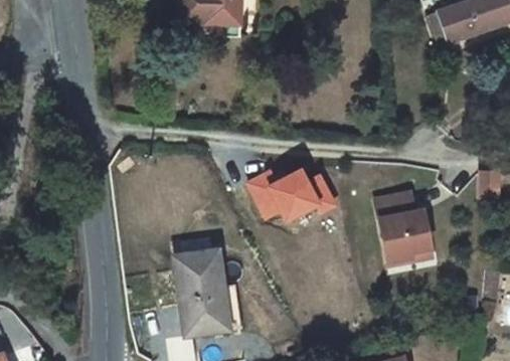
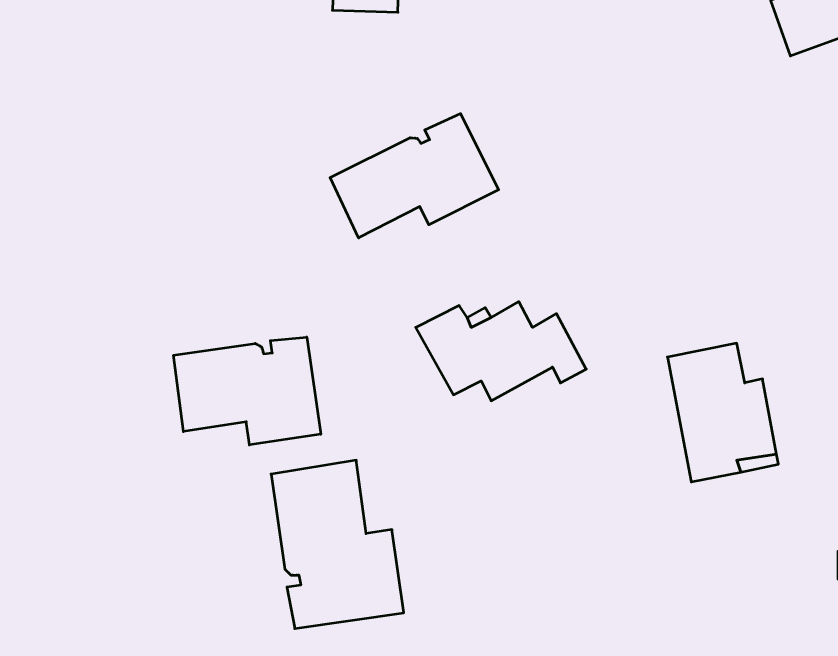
building: none -> [330,114,499,238]
building: none -> [174,337,321,445]

